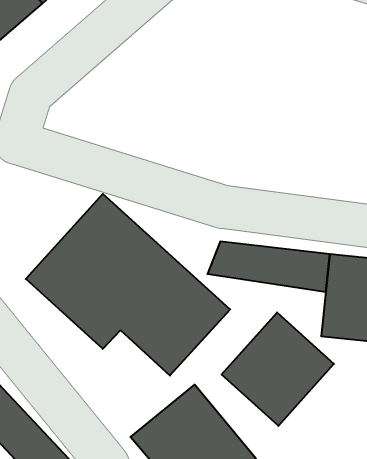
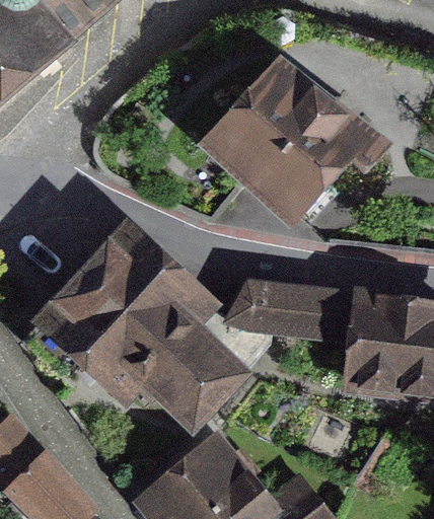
building: none -> [207,70,361,224]
building: [222,312,334,426] -> none

